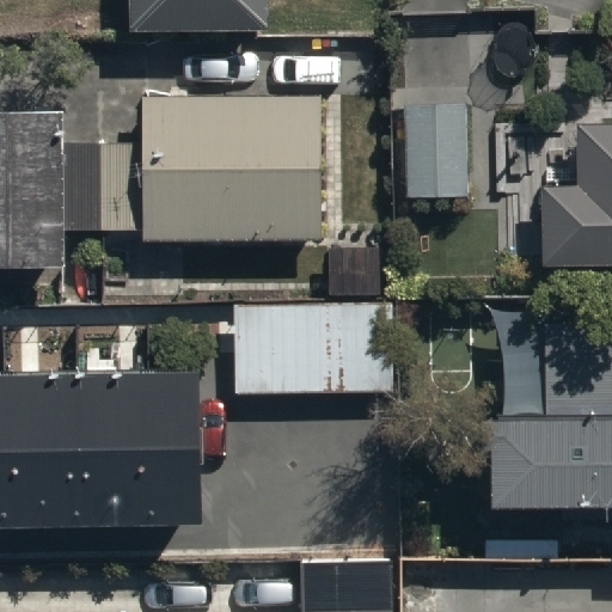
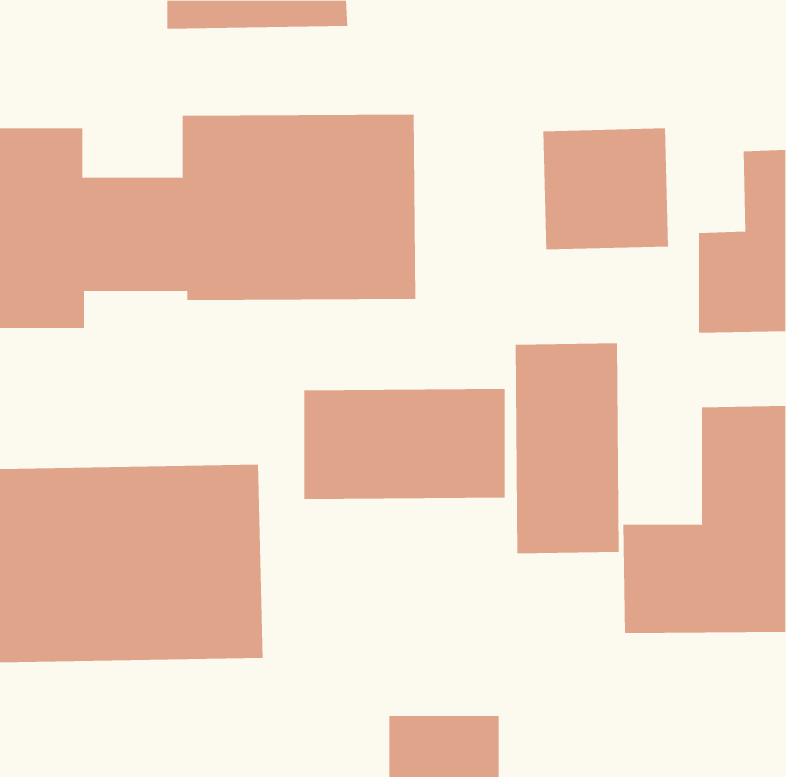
building: none -> [515,343,619,554]

